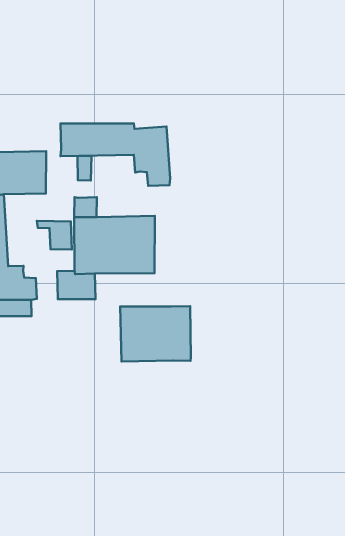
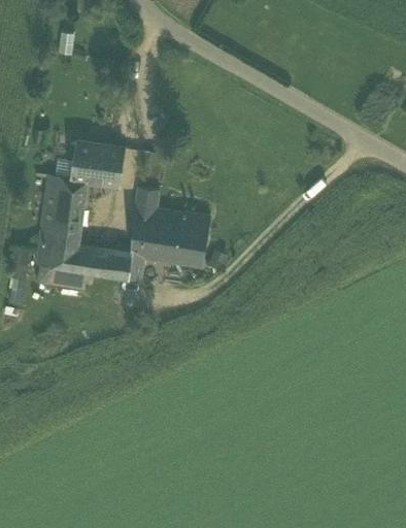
building: [60,123,170,186] -> none
building: [37,221,72,249] -> [82,248,112,277]
building: [120,306,191,362] -> none

